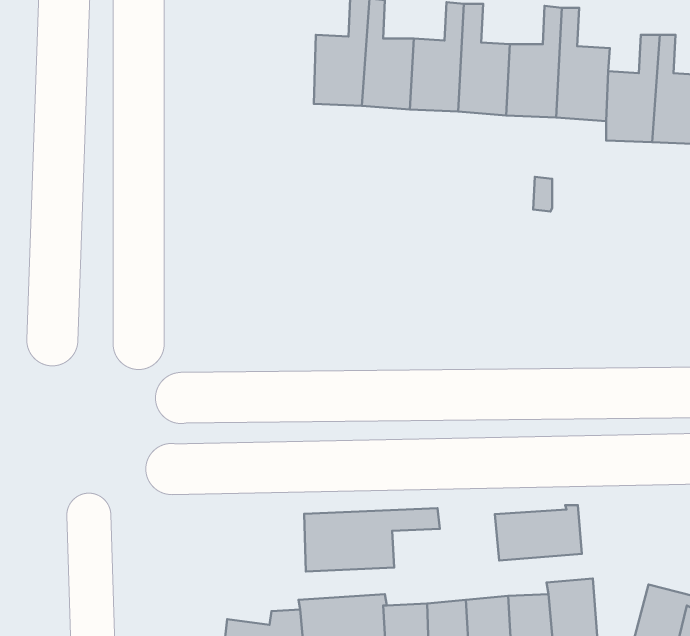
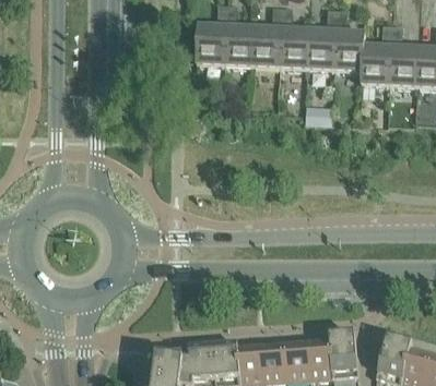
building: [495,505,582,561] -> none
building: [304,508,440,571] -> none

